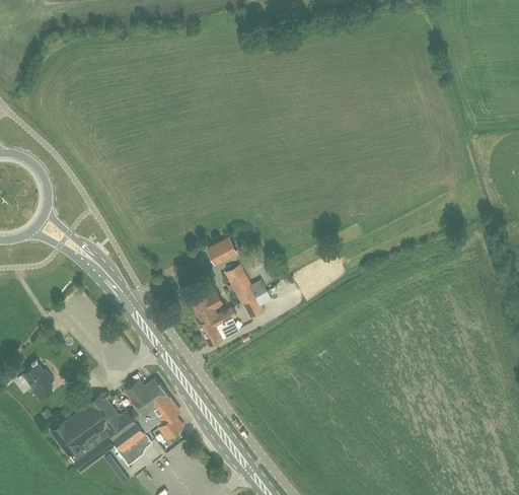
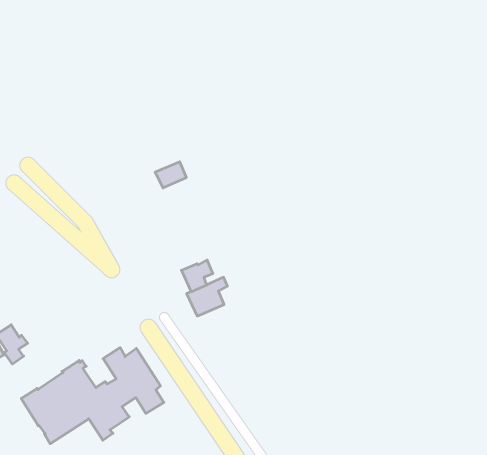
building: [207,238,236,264] -> [155,162,186,188]
building: [226,265,272,319] -> none

